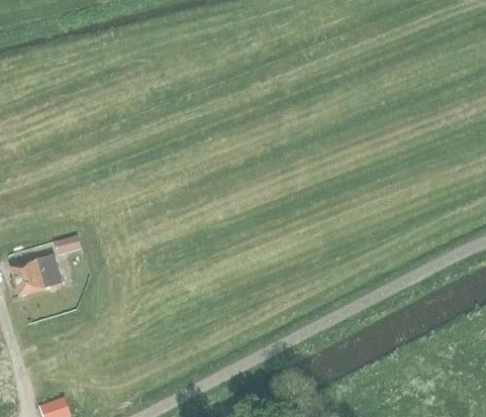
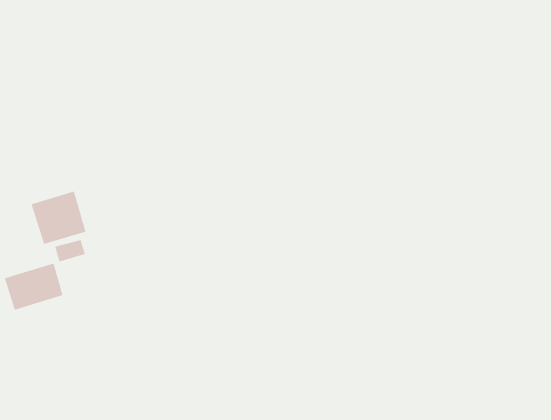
building: none -> [30,191,87,245]

